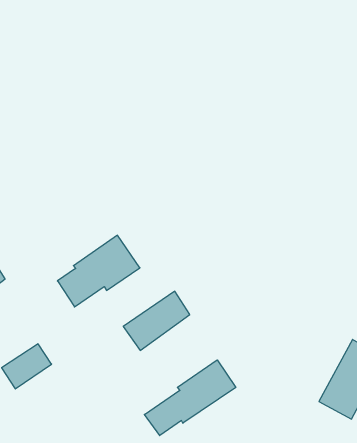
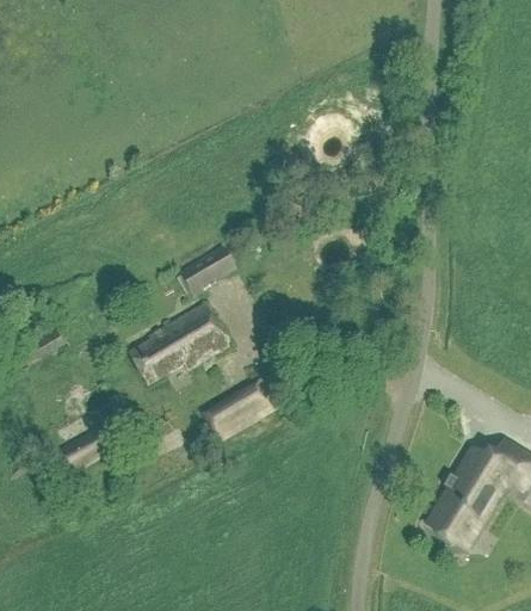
building: none -> [179,245,237,297]
building: [144,360,236,436] -> none

